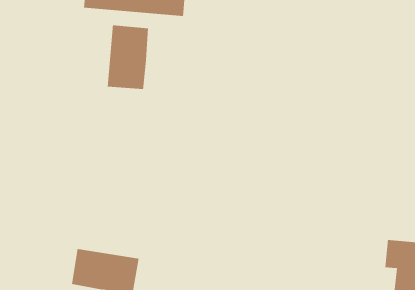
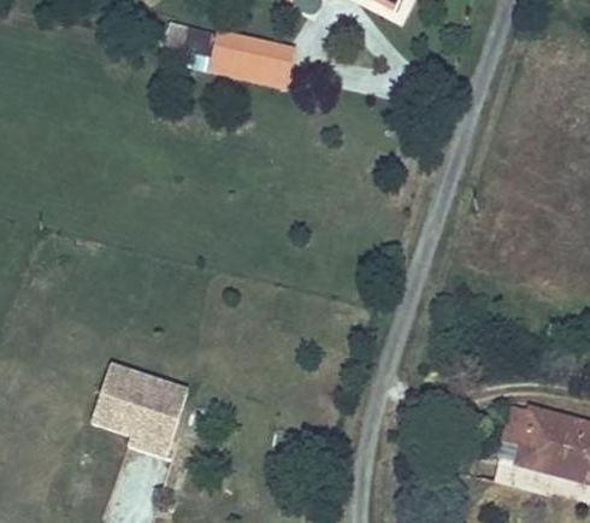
building: [107,24,149,90] -> none

